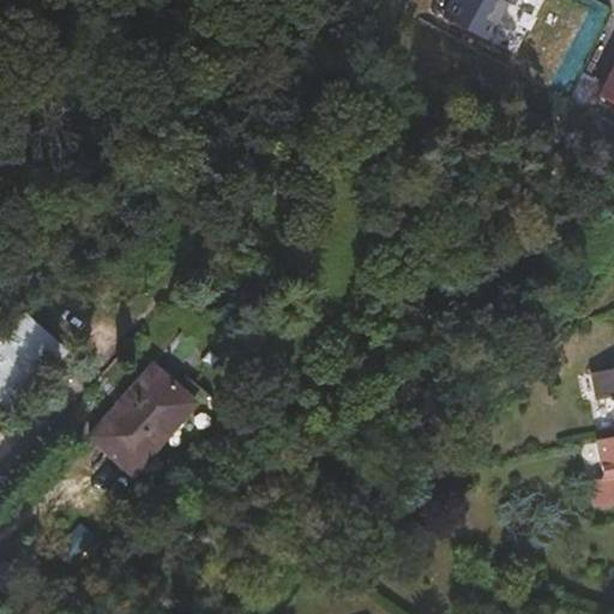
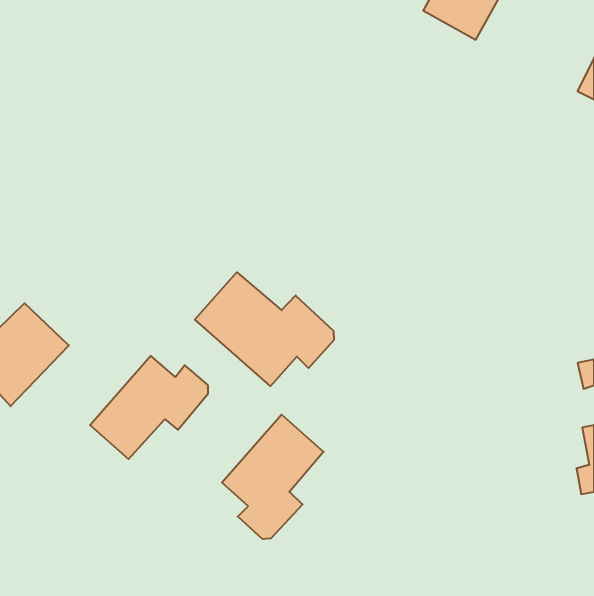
building: none -> [195,272,334,386]
building: none -> [222,415,324,539]

